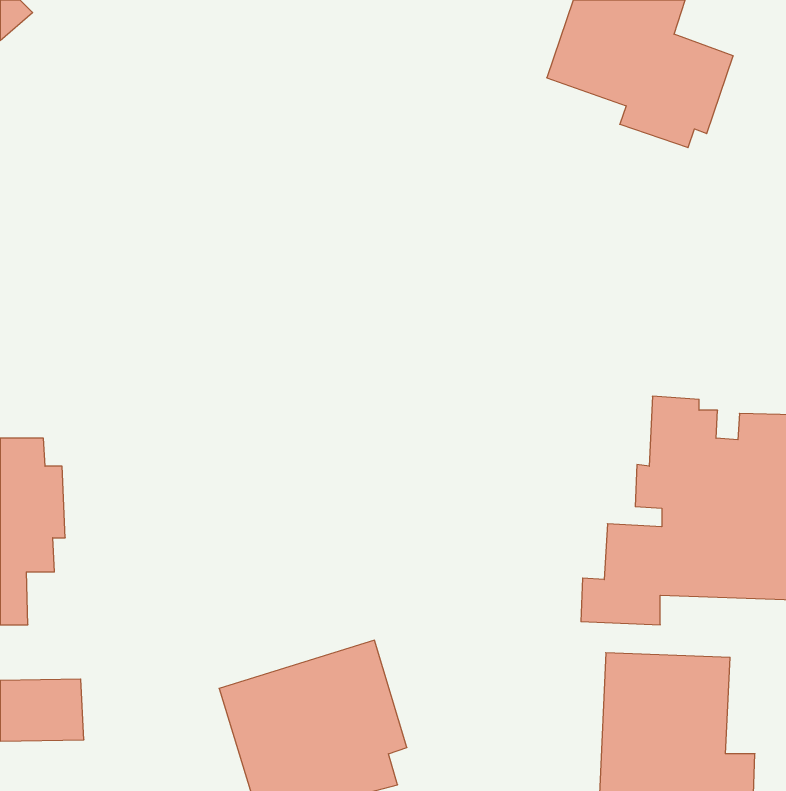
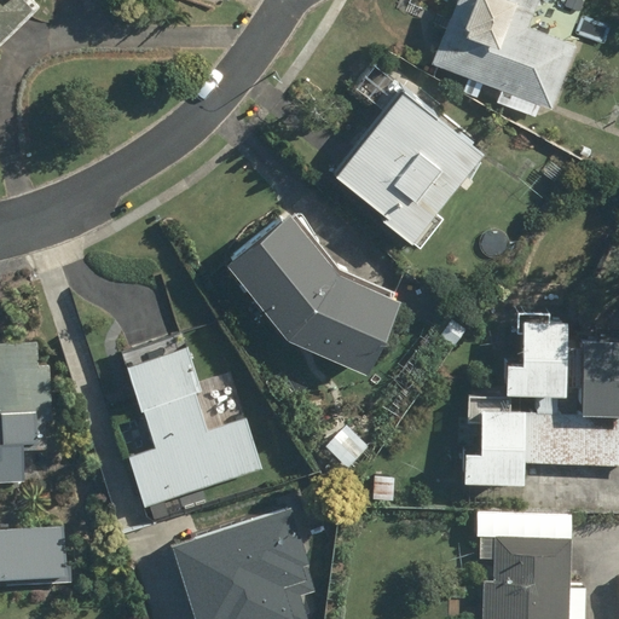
building: none -> [329,88,481,248]
building: none -> [219,213,394,376]
building: none -> [123,330,266,508]

